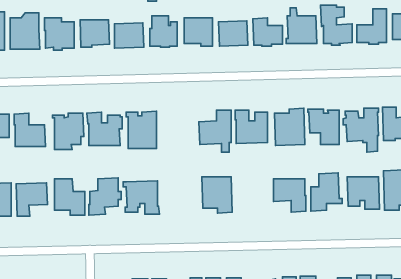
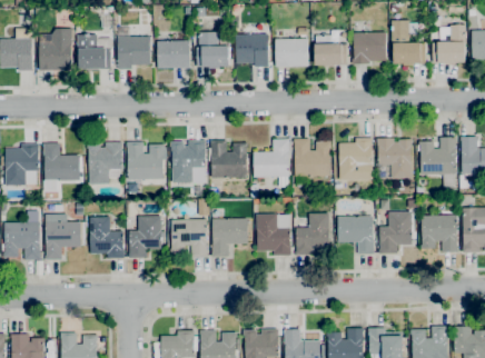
building: none -> [209,140,248,178]
building: none -> [296,213,331,255]
building: none -> [212,218,248,257]

